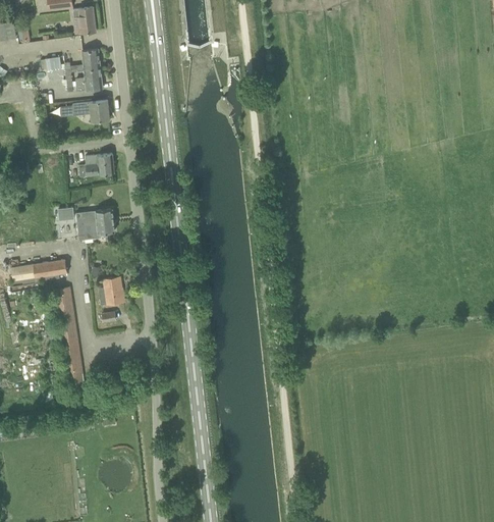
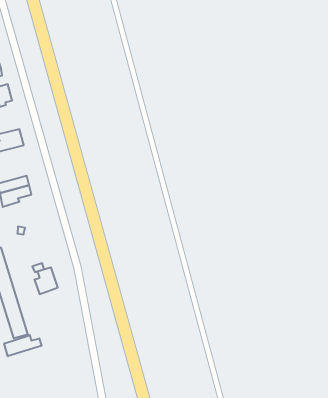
building: [98,277,123,306] -> [34,267,58,294]
building: none -> [4,335,42,356]

